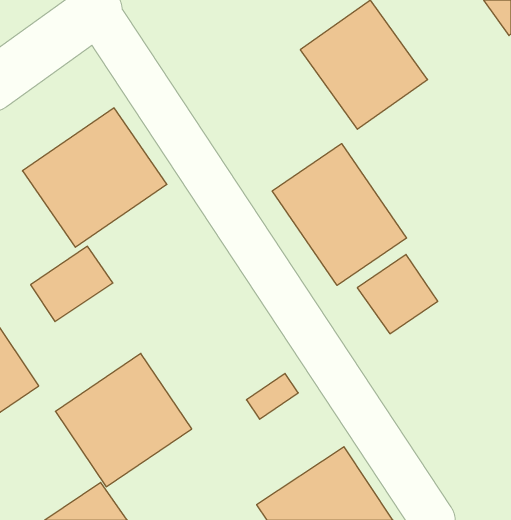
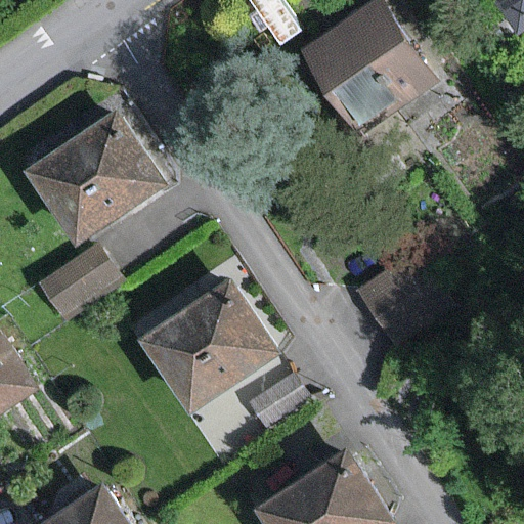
building: [272,144,407,285] -> none
building: [55,353,192,487] -> [141,278,278,412]

